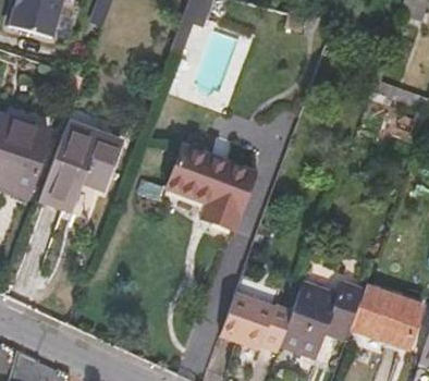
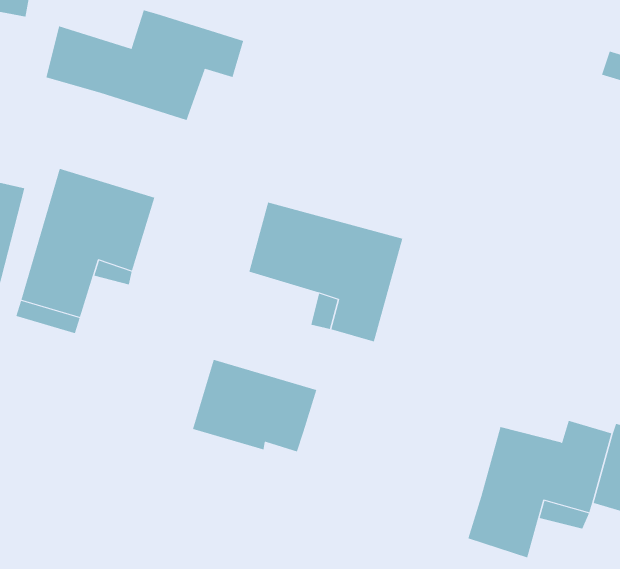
building: none -> [46,9,244,121]
building: [220,298,291,353] -> [192,359,317,452]

